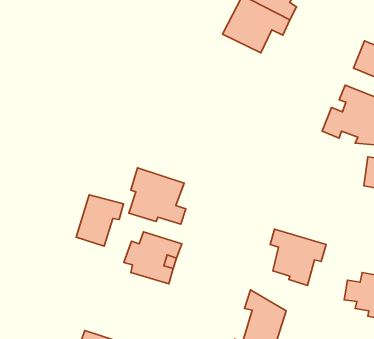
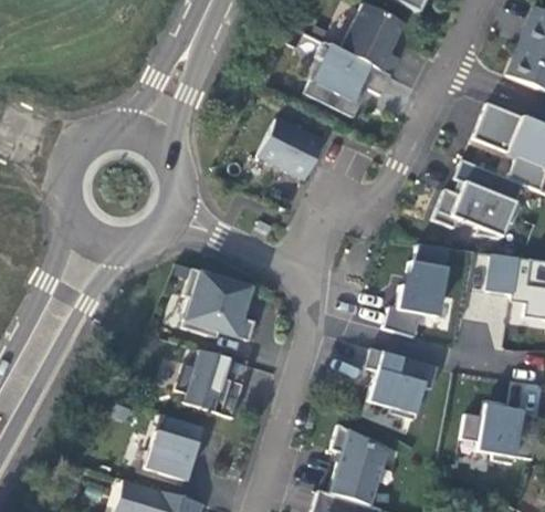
building: none -> [258,118,323,176]
building: none -> [384,242,449,336]
building: [76,195,124,246] -> none
building: none -> [144,414,203,480]

